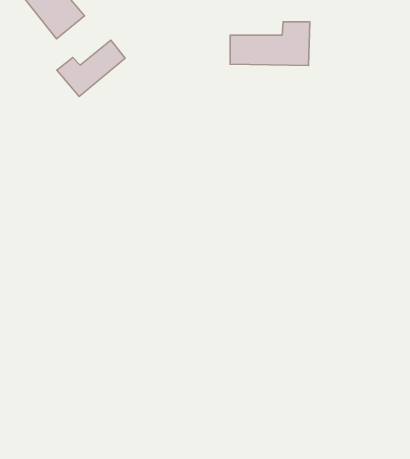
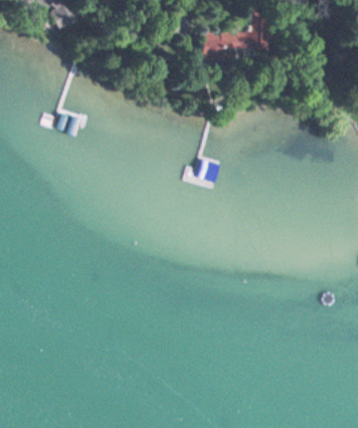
building: [57,40,125,96] -> none

